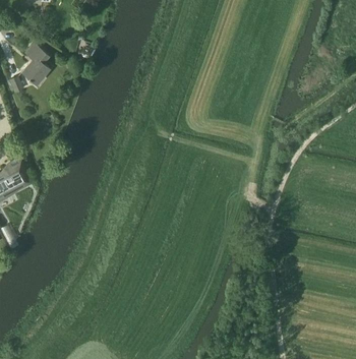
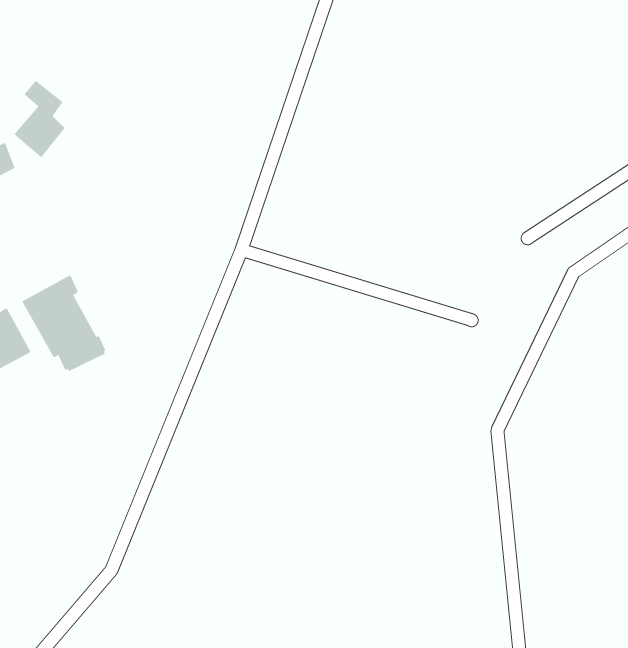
building: none -> [21,275,106,372]

